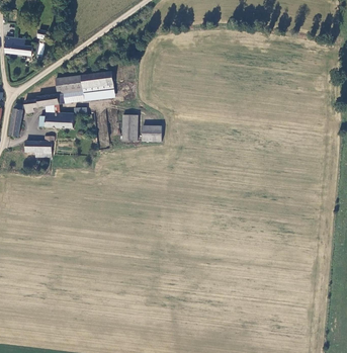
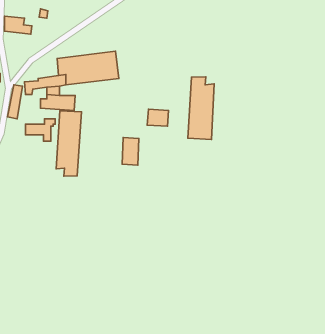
building: none -> [188,77,214,139]
building: [121,115,138,142] -> [122,138,139,165]
building: none -> [56,111,81,176]

